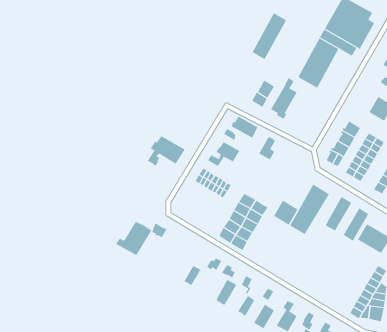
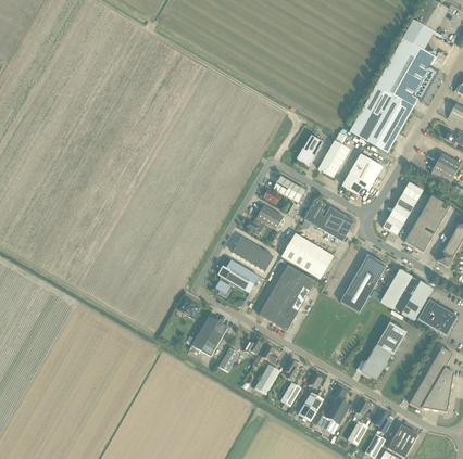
building: [252,13,287,60] -> [372,98,412,152]
building: none -> [341,152,381,192]
building: [147,135,186,167] -> [214,258,259,294]
building: none -> [317,205,353,243]
building: none -> [280,232,333,278]
building: [115,221,152,256] -> [185,315,227,355]
building: none -> [361,321,406,377]

